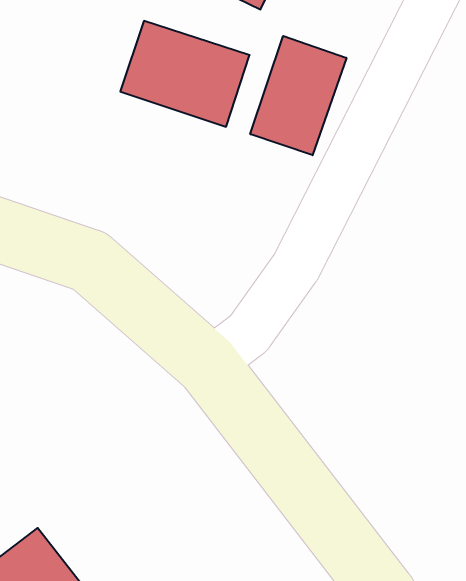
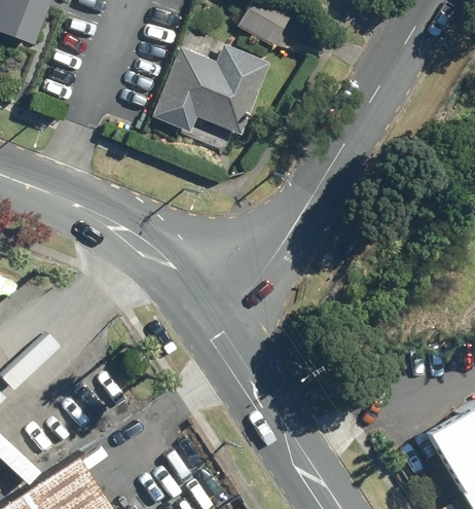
building: [250,36,346,155] -> none

